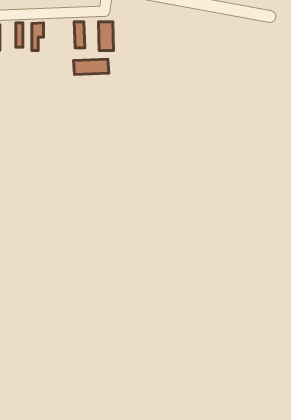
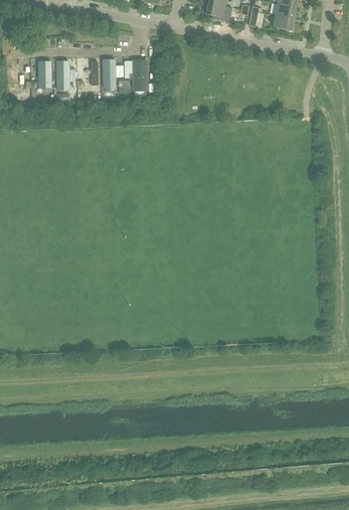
building: [73,59,109,74] -> none

